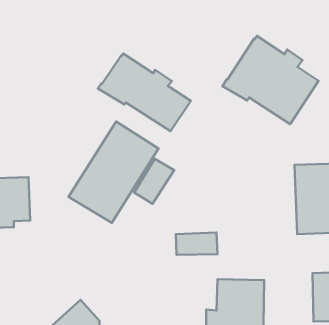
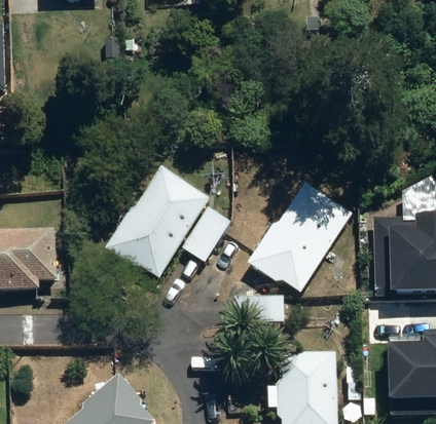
building: [223,36,318,124] -> none
building: [98,54,191,131] -> none
building: none -> [247,181,352,295]

